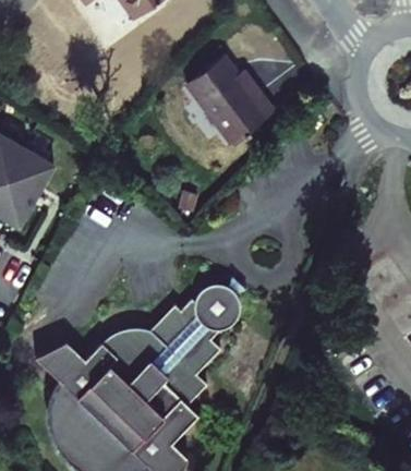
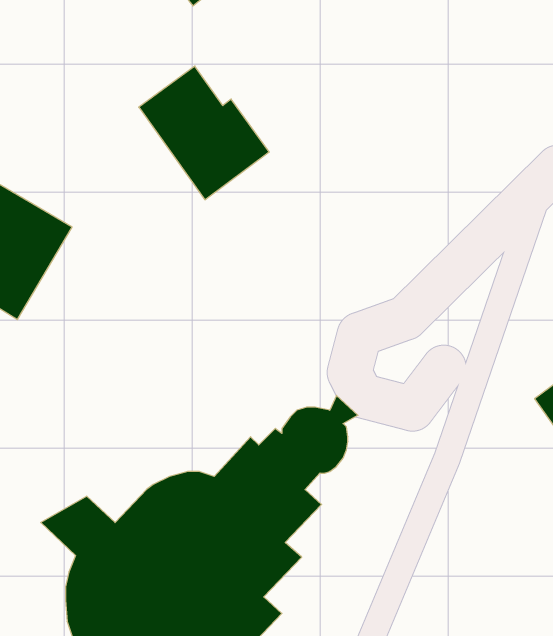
building: [189,59,275,147] -> [139,66,269,200]

